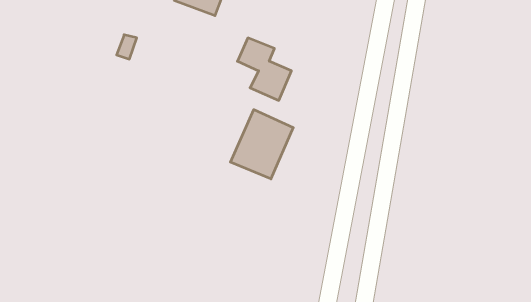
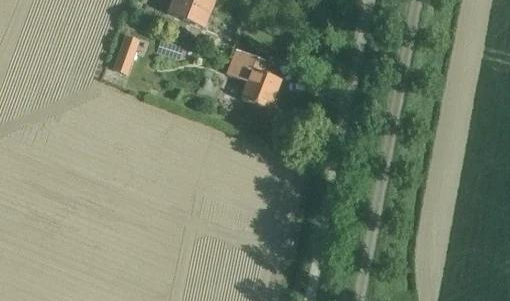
building: [230,110,293,179] -> none

